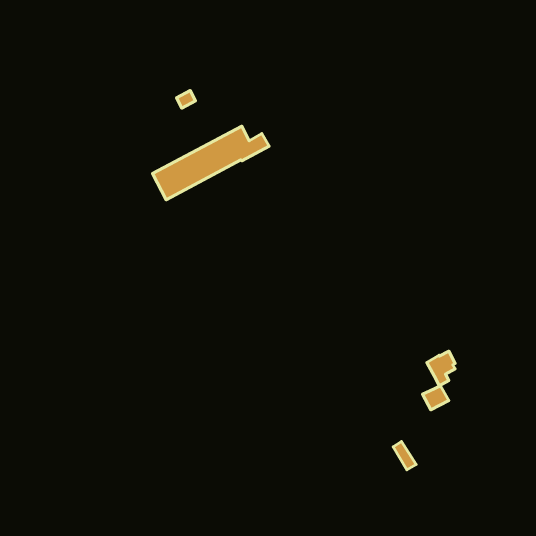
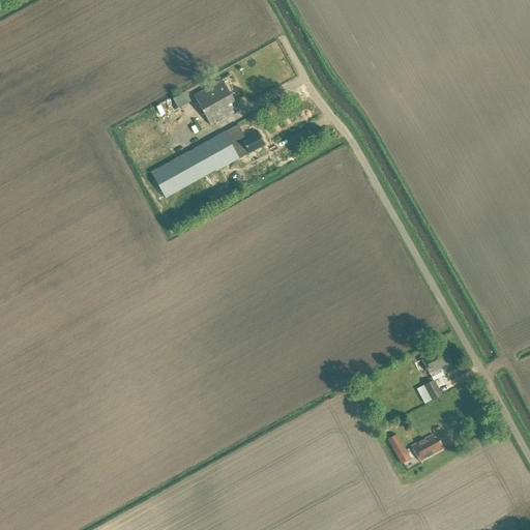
building: none -> [195,80,240,125]
building: none -> [412,435,444,461]

